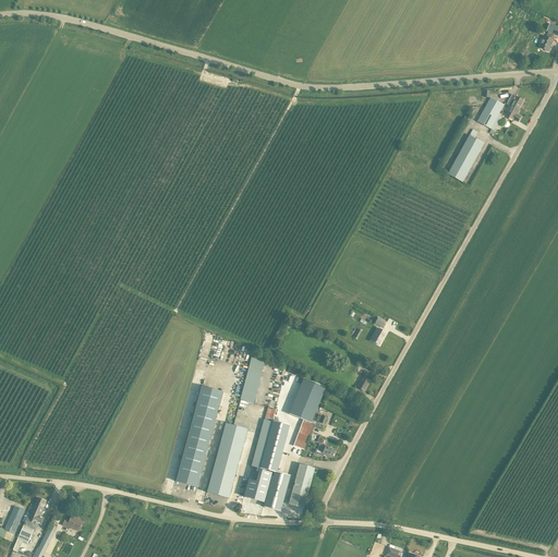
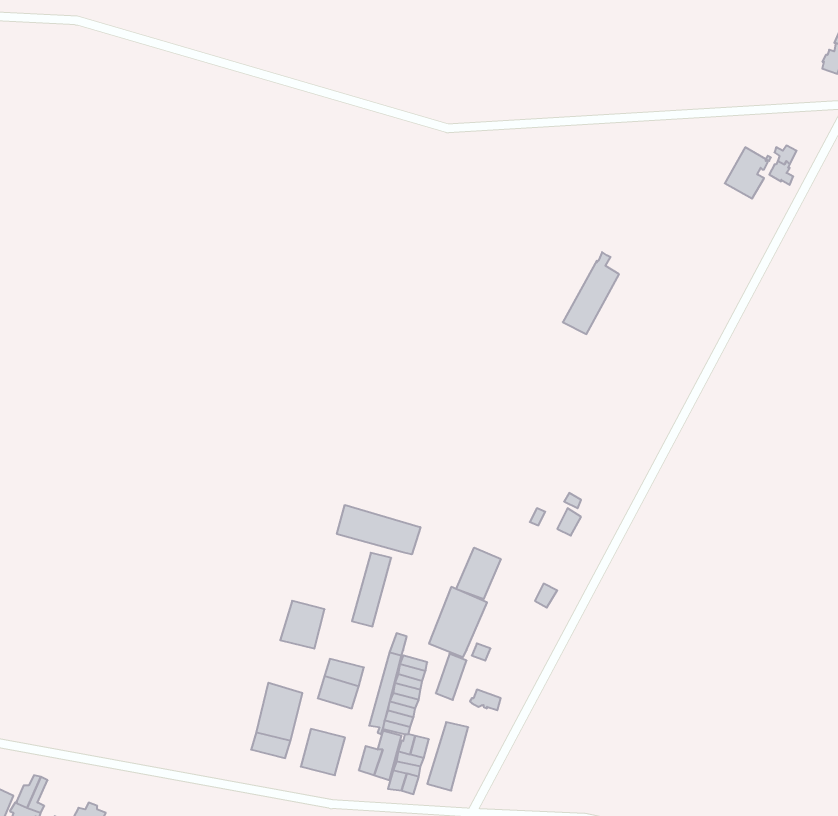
building: [448,129,484,181] -> [563,252,619,334]
building: none -> [337,505,420,554]
building: none -> [456,548,501,599]
building: [186,411,216,445] -> none
building: [214,448,240,473] -> none

